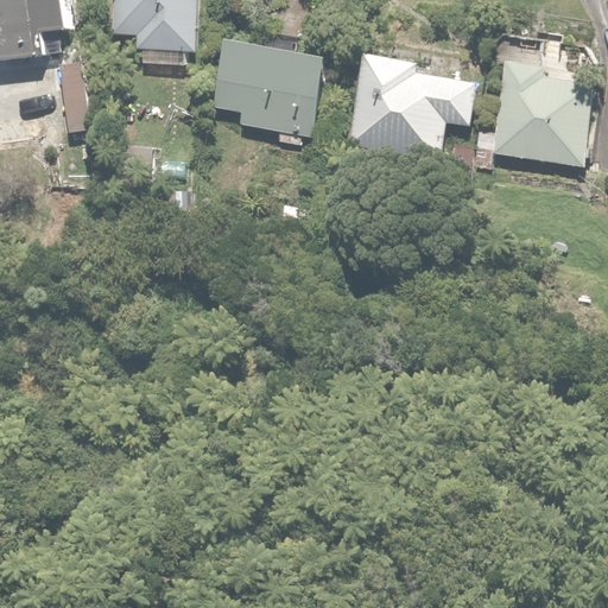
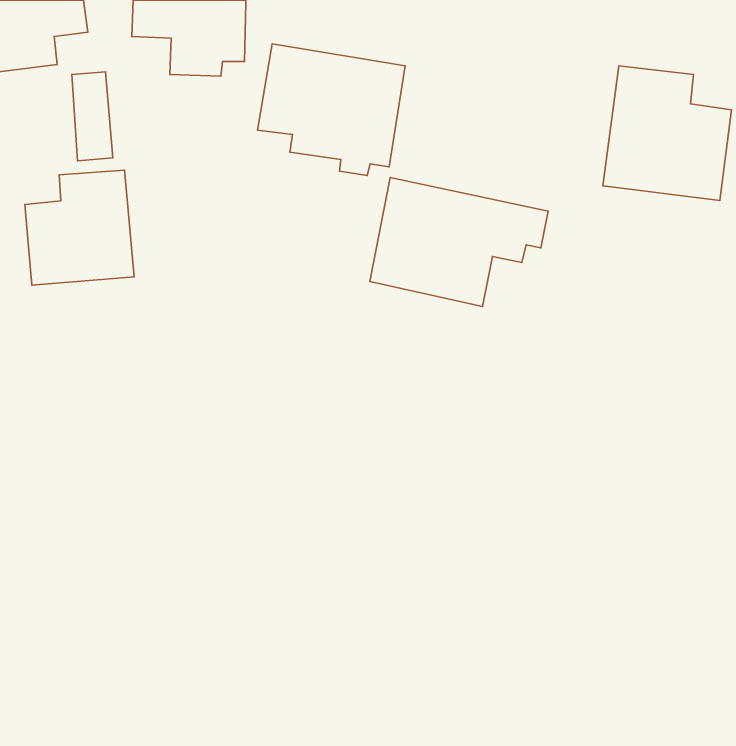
building: [343,58,488,163] -> [370,178,548,306]
building: none -> [25,170,134,285]

